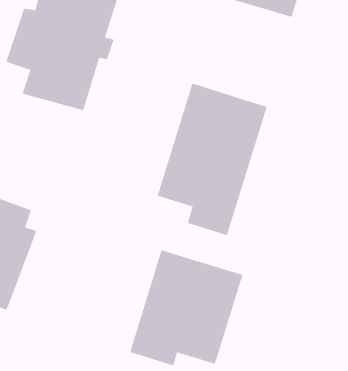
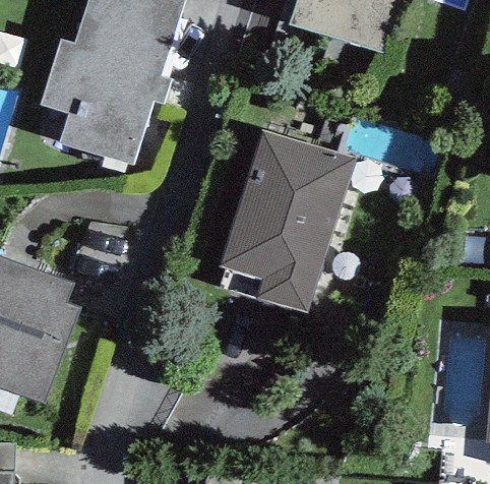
building: [129,250,243,366] -> none

